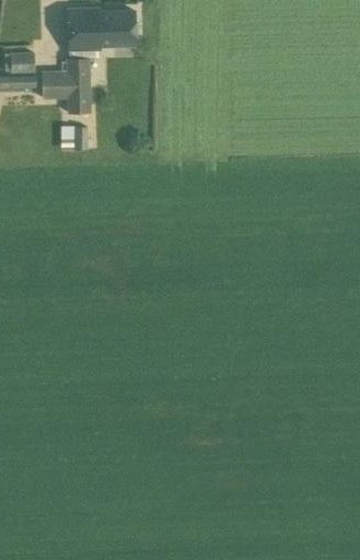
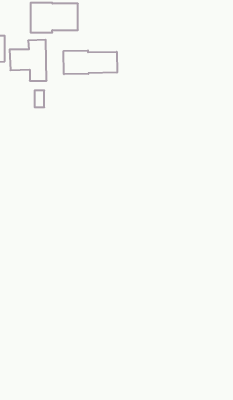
building: none -> [64,50,117,74]

